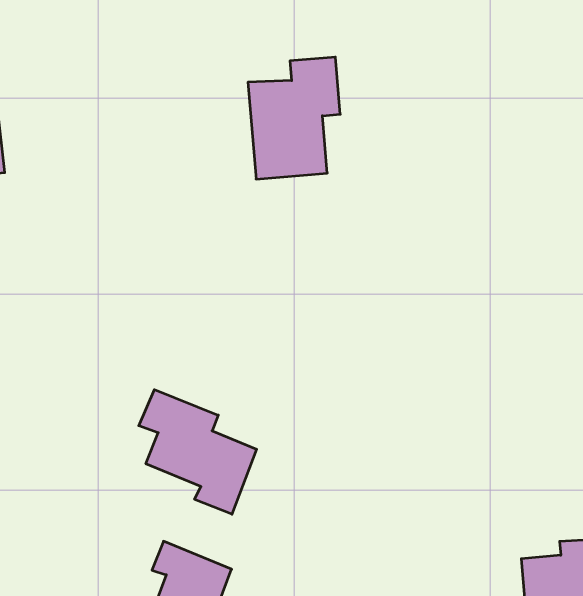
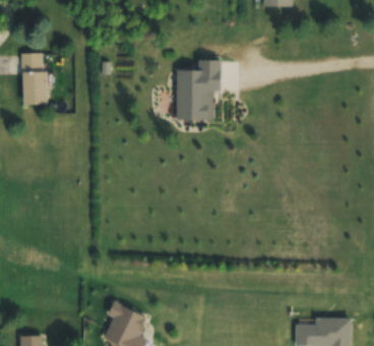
building: [139,390,257,514] -> none

